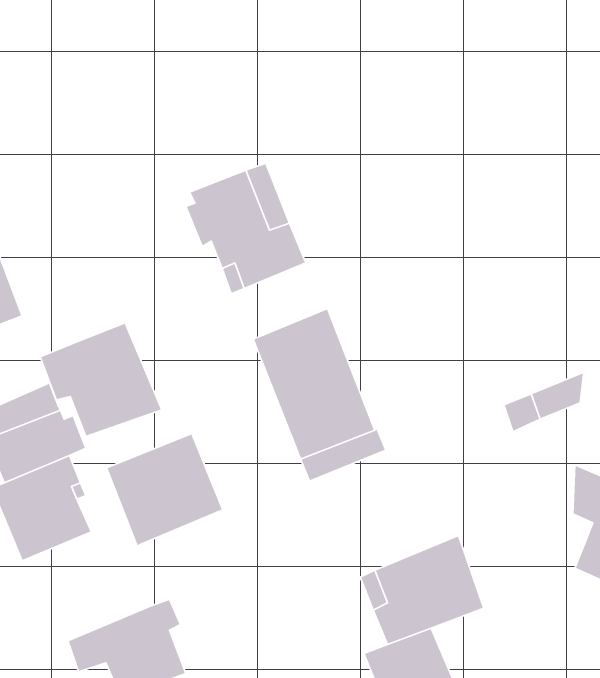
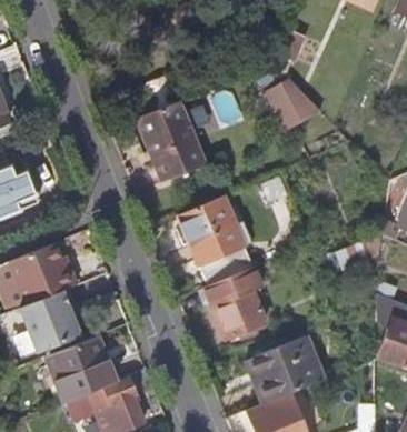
building: none -> [267,72,321,130]
building: [40,323,162,437] -> none
building: [106,433,223,546] -> [44,332,116,401]
building: none -> [214,283,265,340]

